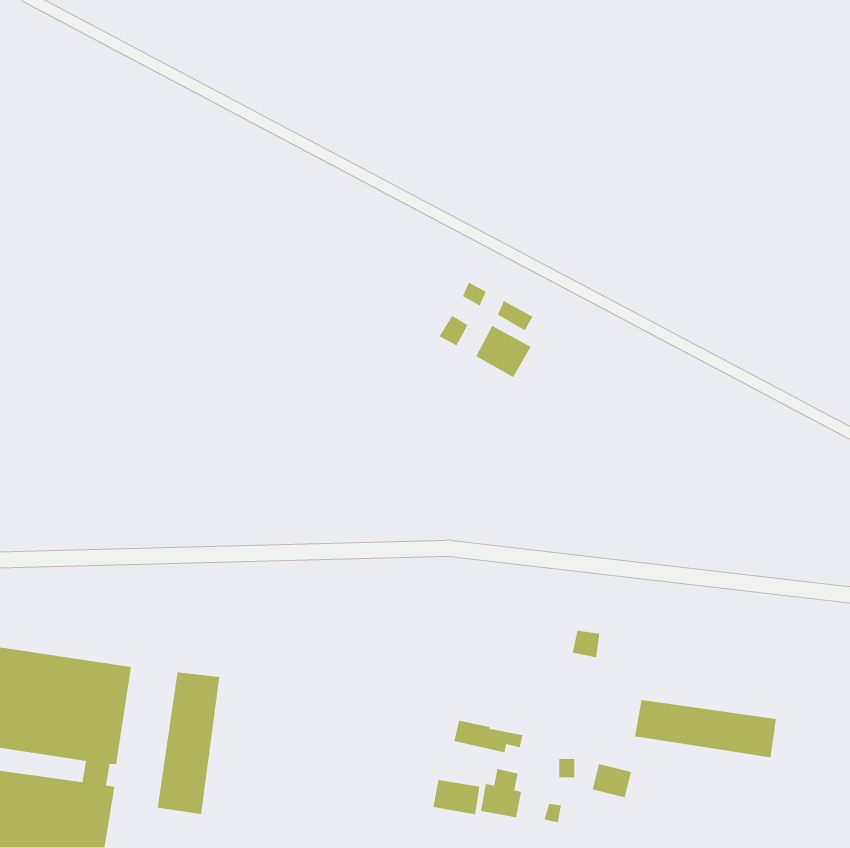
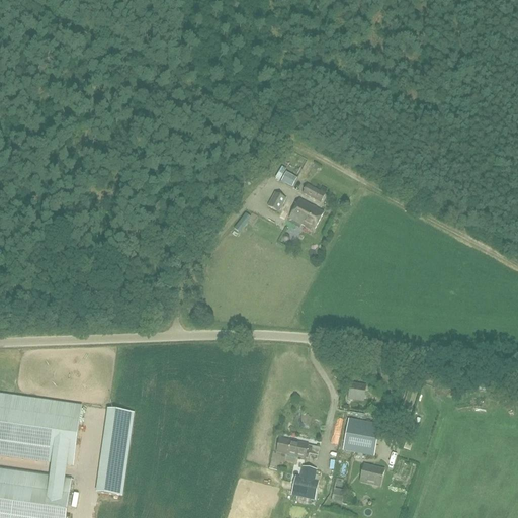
building: none -> [342,417,378,455]
building: [634,699,777,758] -> none
building: [432,779,480,815] -> none

